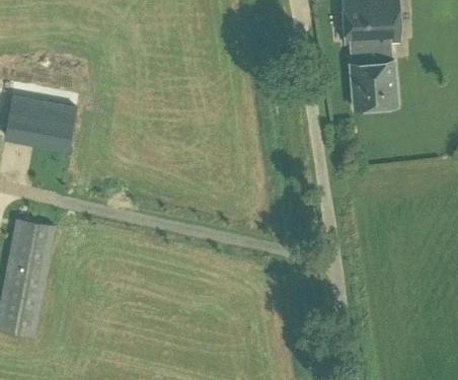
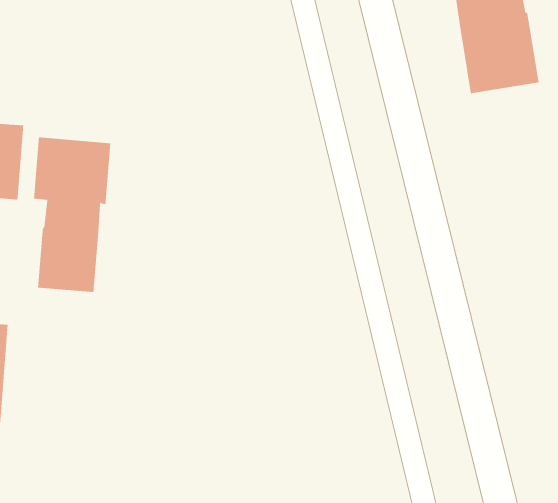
building: none -> [33,137,111,293]

